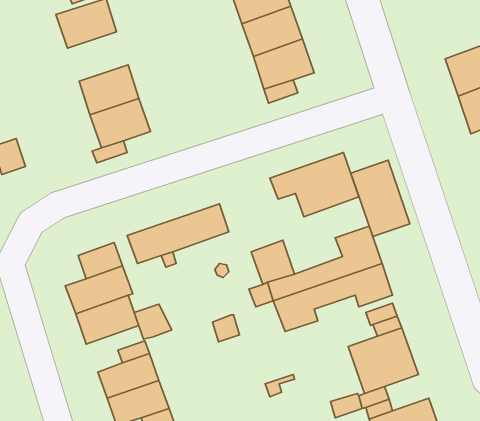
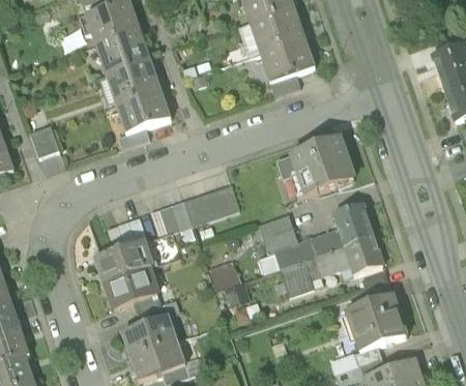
building: none -> [96,31,150,75]
building: [351,160,410,237] -> none
building: [134,304,172,339] -> [208,259,241,290]

